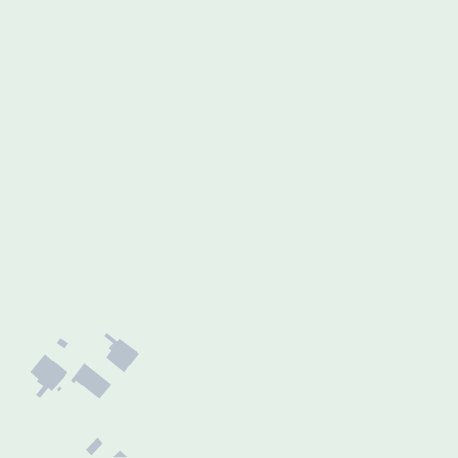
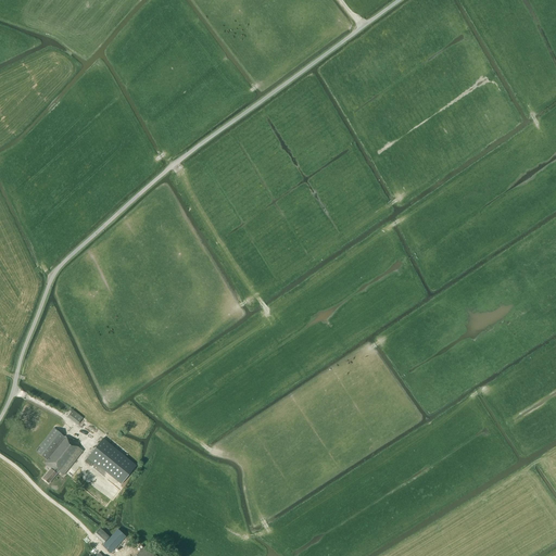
building: [103,332,140,373] -> none

